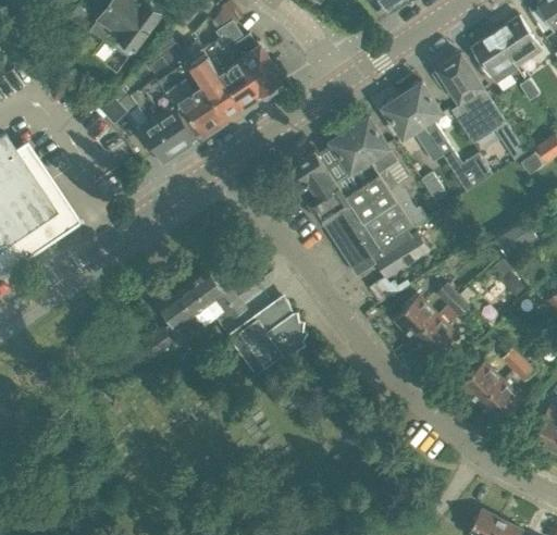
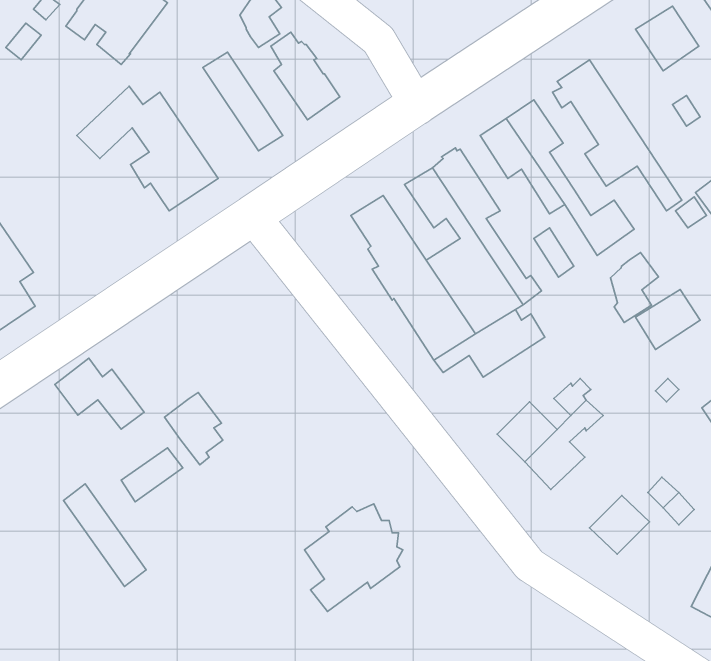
building: [471,33,518,84] -> none
building: [205,38,261,108] -> none
building: [149,42,226,138] -> none
building: none -> [611,252,659,322]
building: [184,271,247,321] -> [55,358,144,429]
building: [238,300,308,376] -> [304,504,403,611]
building: none -> [64,484,146,586]
building: [480,381,522,423] -> none

